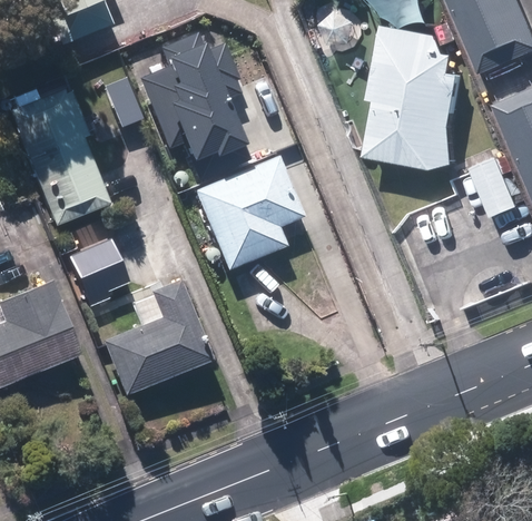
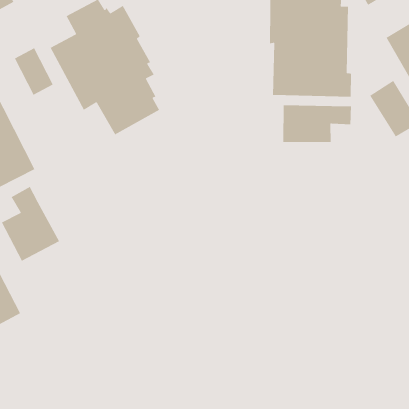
building: [195,157,304,272] -> none
building: none -> [282,104,352,143]
building: [100,279,213,394] -> none

